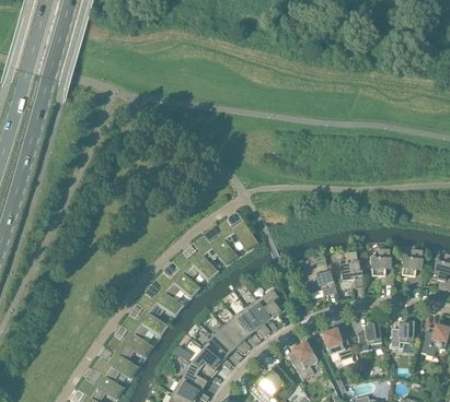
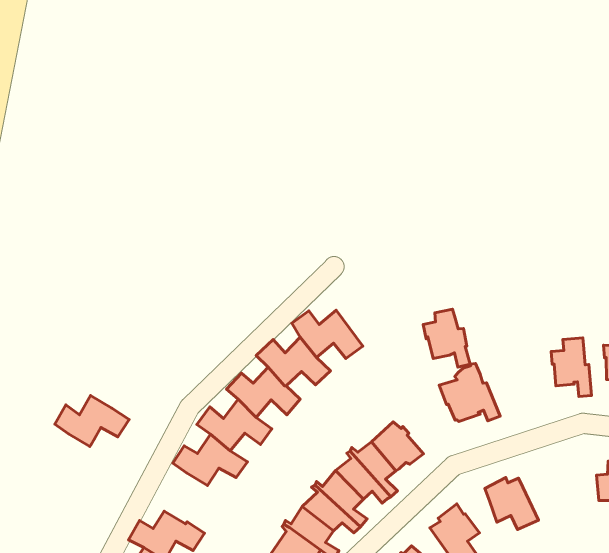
building: [337,253,364,288] -> [423,309,470,367]
building: [122,310,166,341] -> [55,396,129,447]
building: [358,322,382,352] -> none

